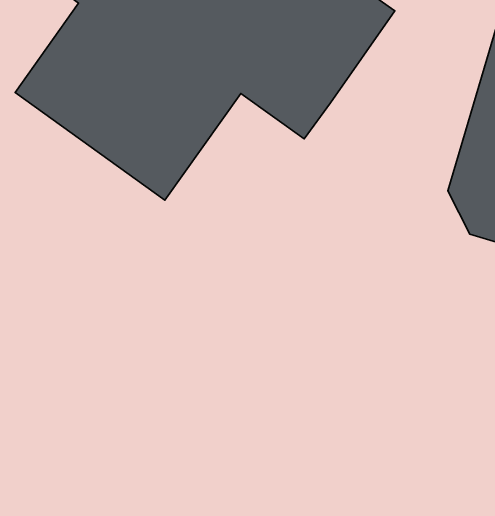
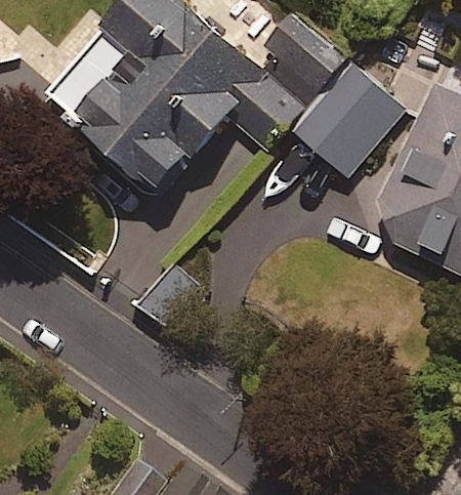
building: none -> [296,68,408,181]

